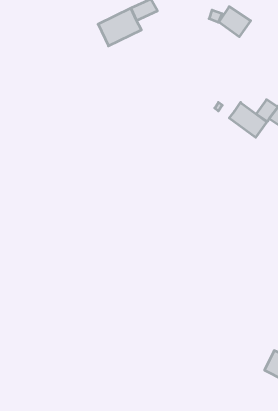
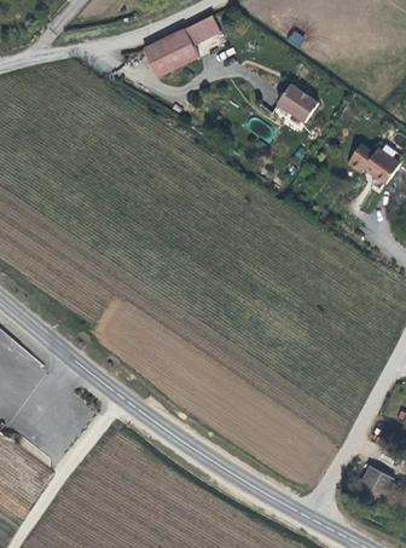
building: [219,7,251,37] -> [277,83,318,122]
building: [229,102,267,137] -> none

